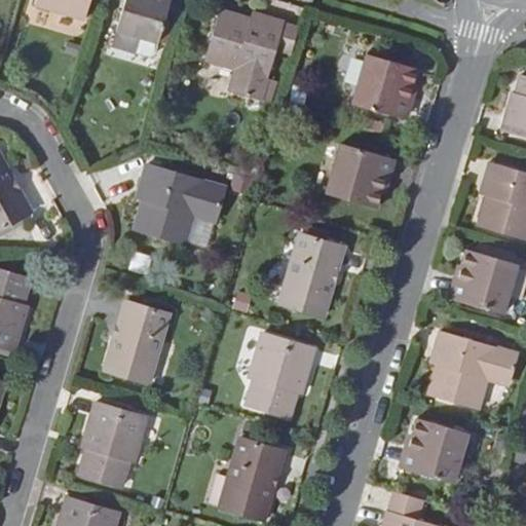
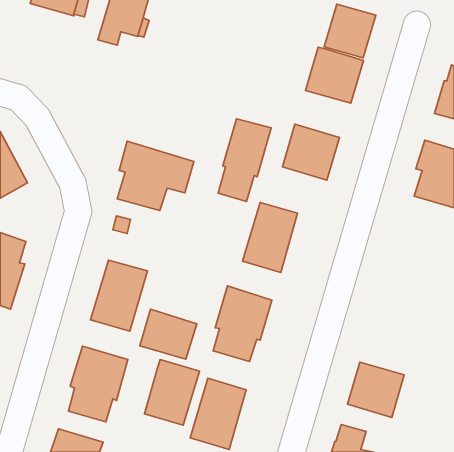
building: none -> [324,4,376,58]
building: [206,10,299,101] -> none
building: none -> [218,119,271,201]
building: [451,250,517,314] -> none
building: [428,332,517,410] -> none
building: none -> [140,309,197,359]
building: none -> [144,359,200,425]

